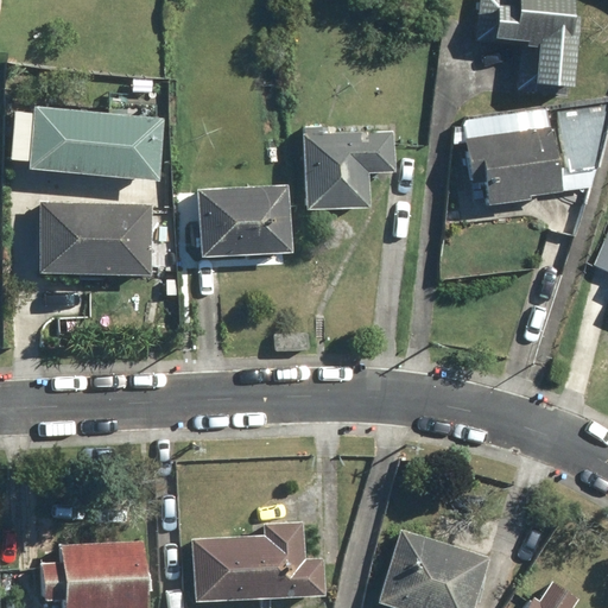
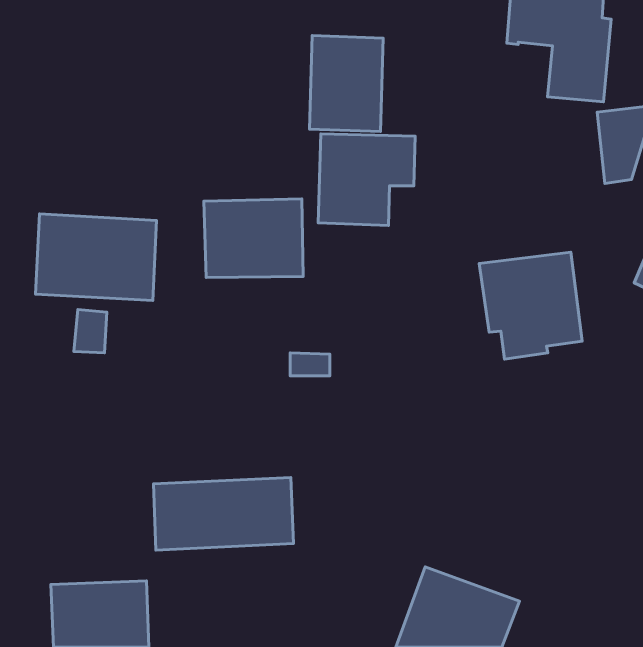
building: none -> [310,36,383,131]
building: [27,108,160,182] -> none
building: [463,108,559,208] -> [479,252,582,359]
building: [192,531,323,598] -> [153,477,293,550]

